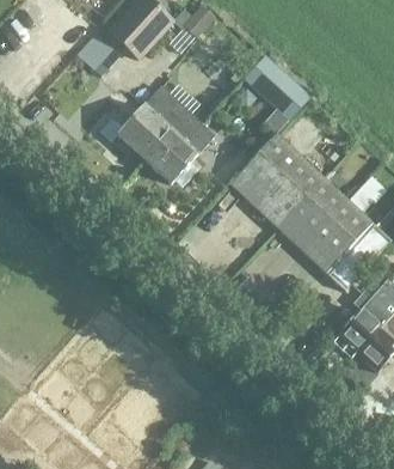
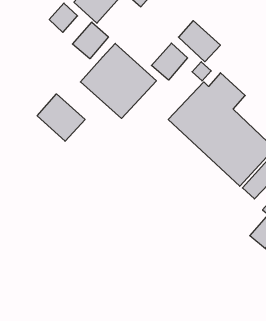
building: none -> [72,22,108,59]
building: none -> [151,43,188,80]
building: none -> [37,94,85,141]

